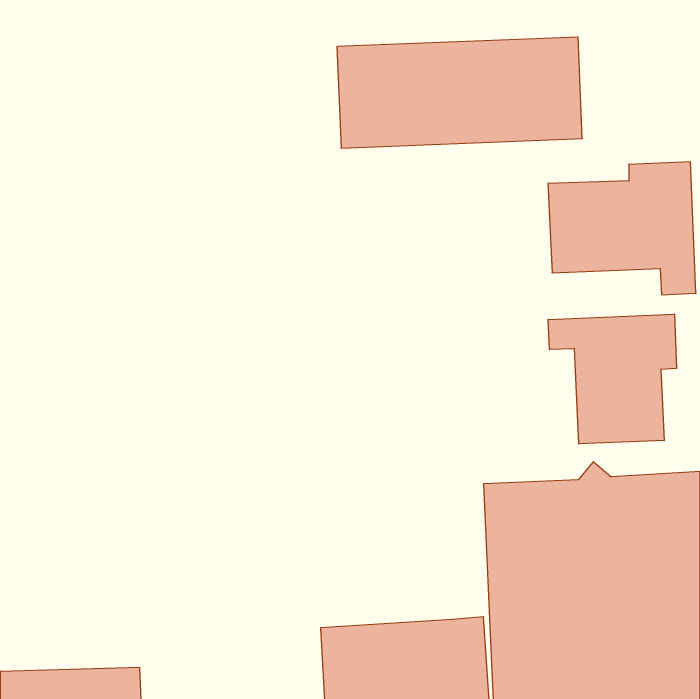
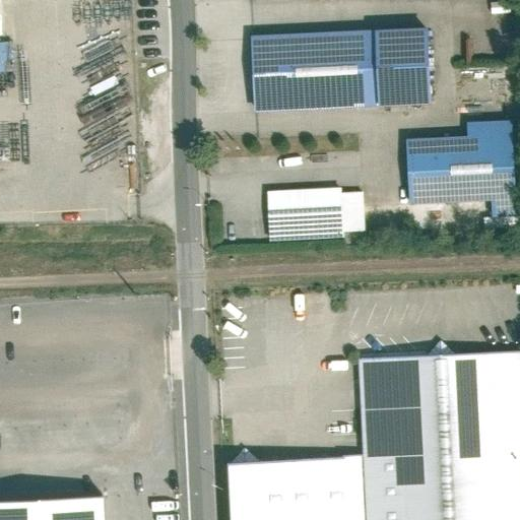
building: none -> [266,187,366,242]
building: [548,314,676,444] -> none

